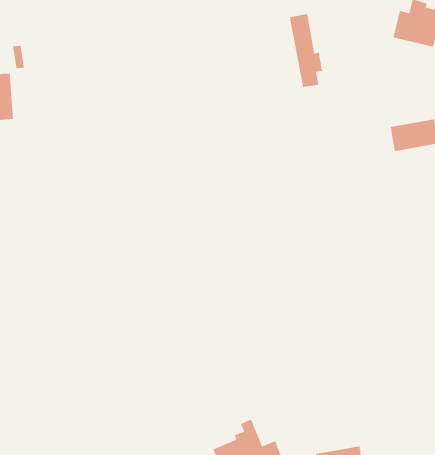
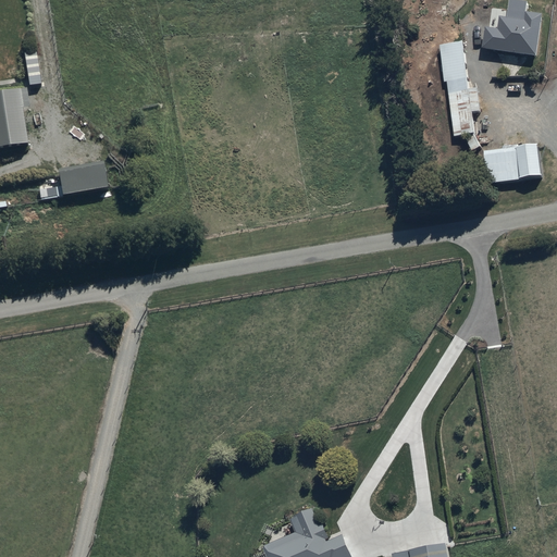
building: [289,13,323,88] -> [437,40,479,131]
building: none -> [38,163,104,198]

